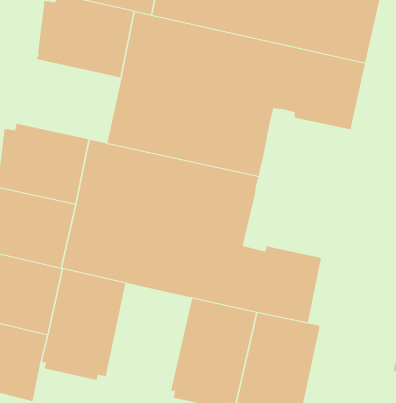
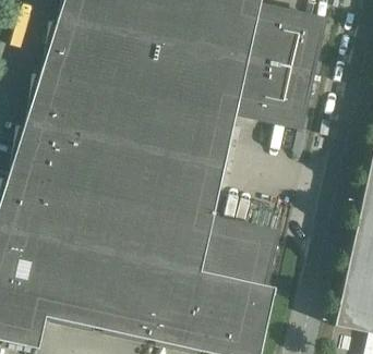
building: none -> [25,71,111,139]
building: none -> [99,254,169,345]

